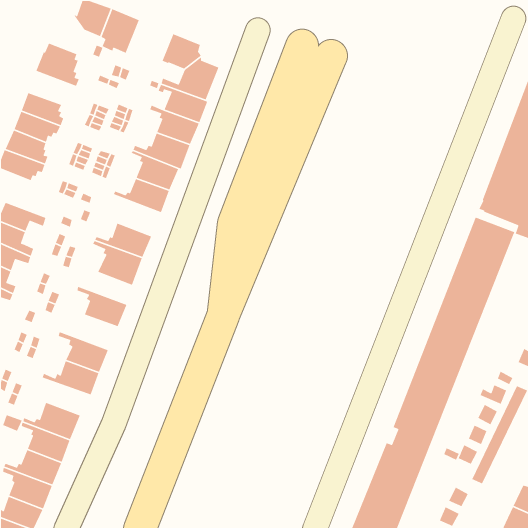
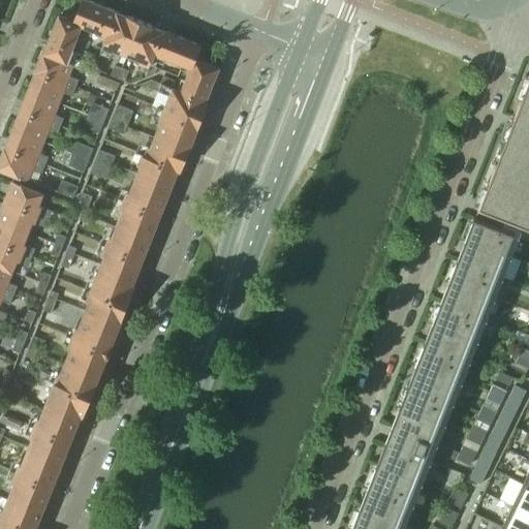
building: none -> [50,15,85,55]
building: none -> [127,21,174,79]
building: none -> [29,72,77,105]
building: none -> [6,182,51,218]
building: none -> [112,195,162,237]
building: none -> [79,273,135,305]
building: none -> [60,315,119,350]
building: none -> [41,378,92,416]

